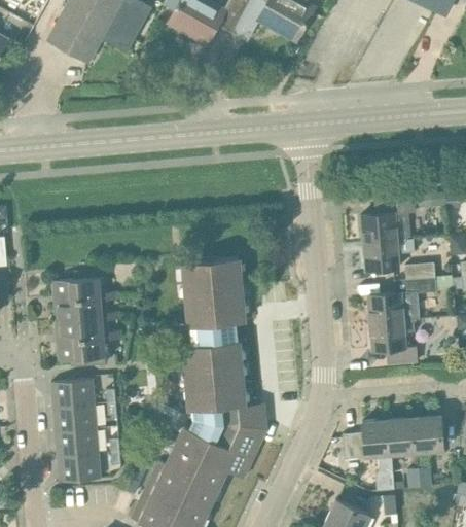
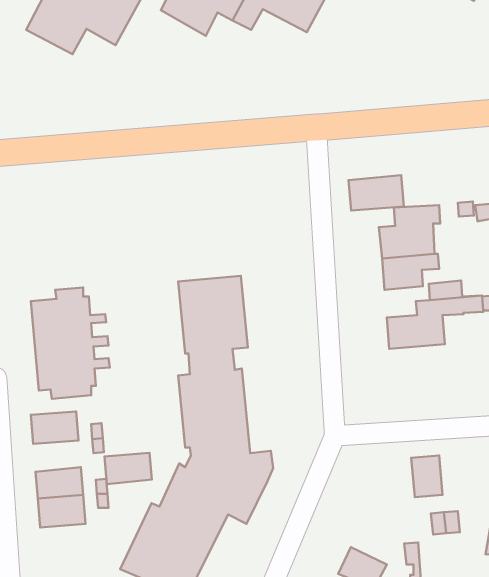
building: none -> [349,175,404,210]
building: [369,319,419,364] -> none
building: [53,405,96,432] -> [104,453,152,484]
building: [414,416,443,453] -> none
building: [343,420,394,491] -> none

